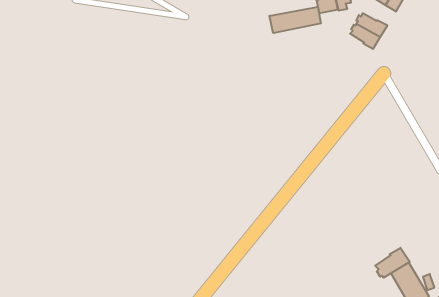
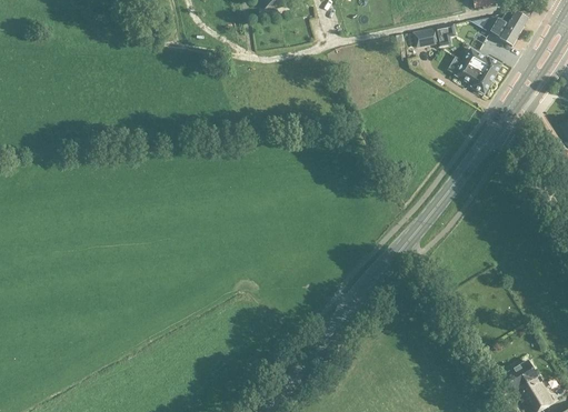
building: [269,7,321,33] -> none
building: [375,248,410,278] -> none

